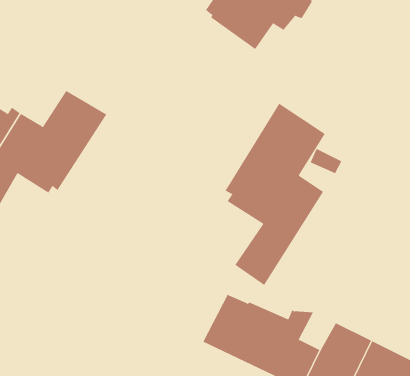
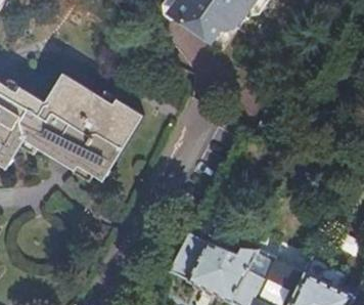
building: [225,103,325,286] -> none
building: none -> [57,93,144,181]

